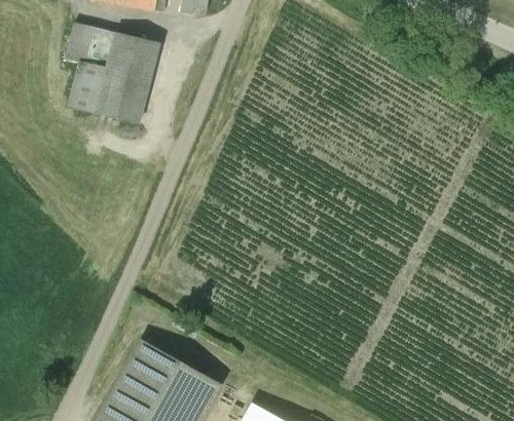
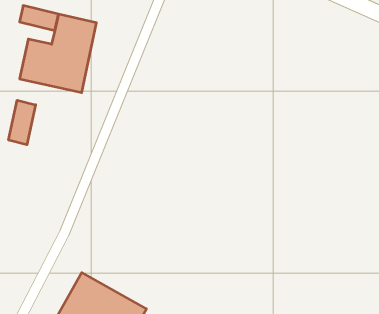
building: [64,42,110,69] -> none
building: none -> [9,100,36,145]

